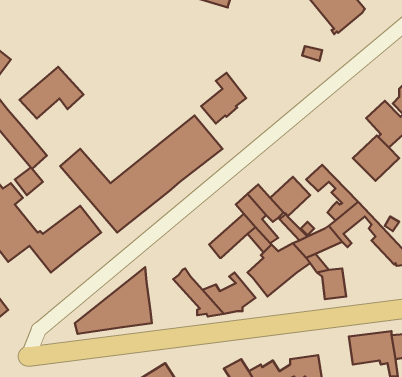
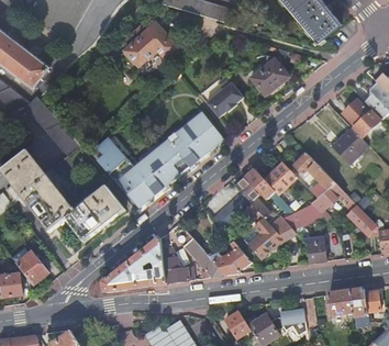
building: none -> [249,56,289,97]
building: [20,67,83,119] -> [122,22,175,65]
building: none -> [160,247,193,282]

